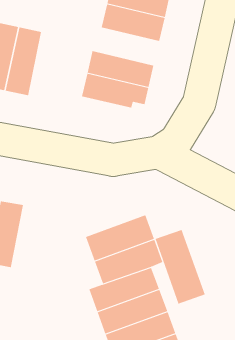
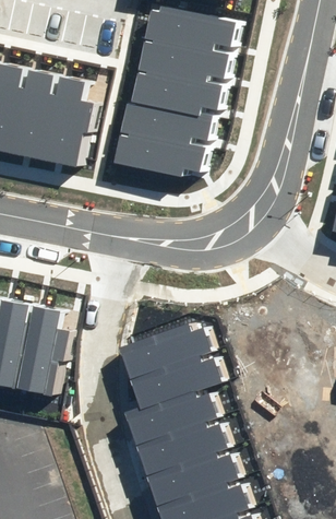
building: none -> [134,70,219,120]
building: none -> [45,75,94,166]
building: none -> [22,306,69,396]
building: [155,229,205,305] -> none

